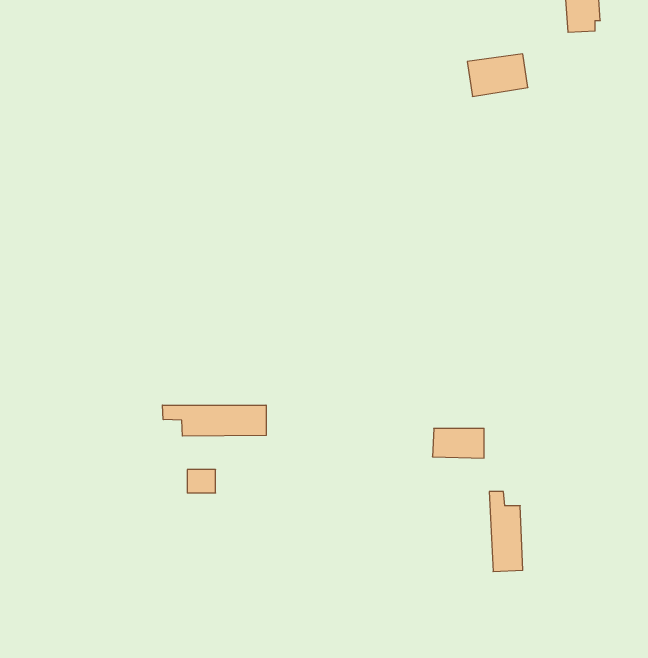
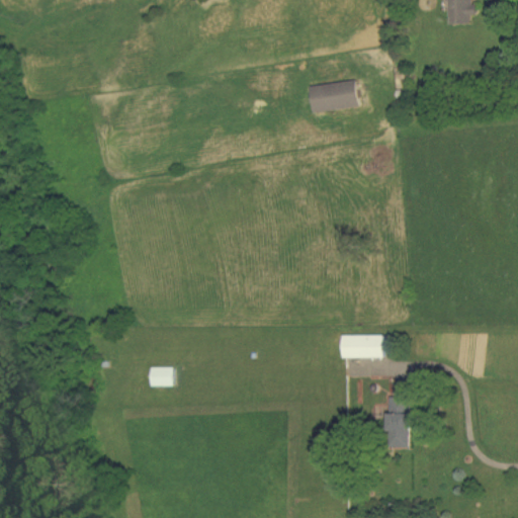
building: [467,54,528,96] -> [309,81,356,114]
building: [162,405,266,436] -> none

